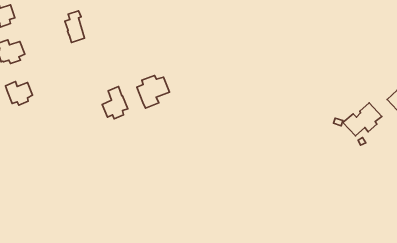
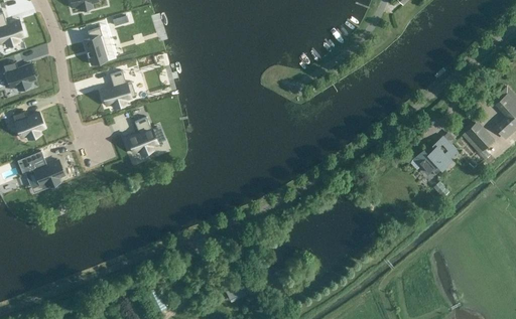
building: none -> [102,70,136,108]
building: [137,76,170,108] -> none
building: none -> [17,155,64,187]

